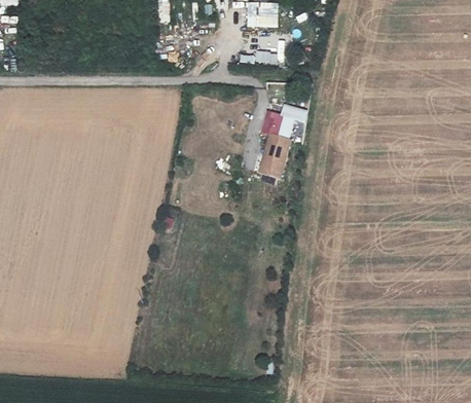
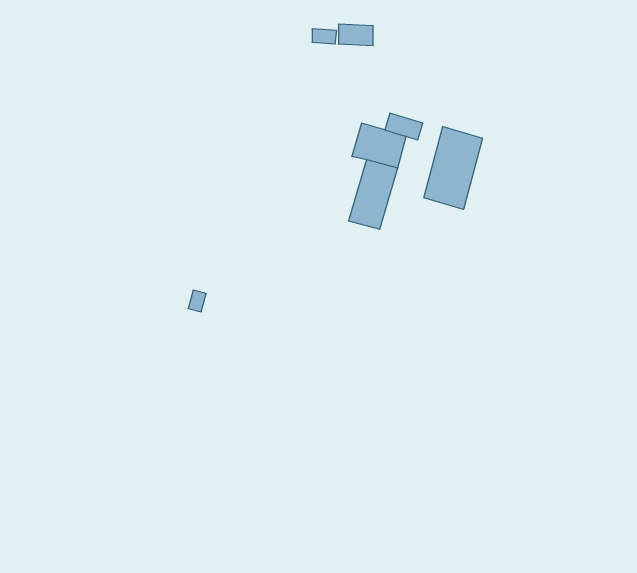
building: none -> [424,126,482,209]

